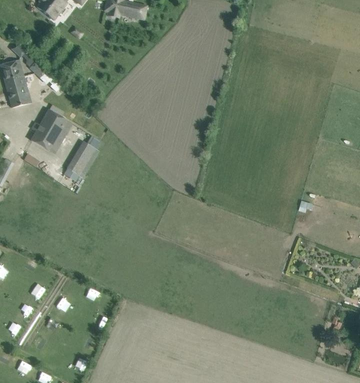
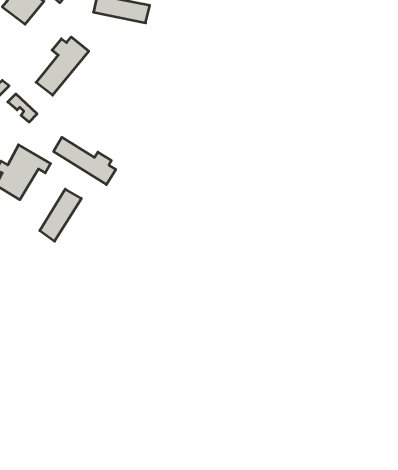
building: none -> [36,37,89,95]
building: none -> [54,137,116,185]

